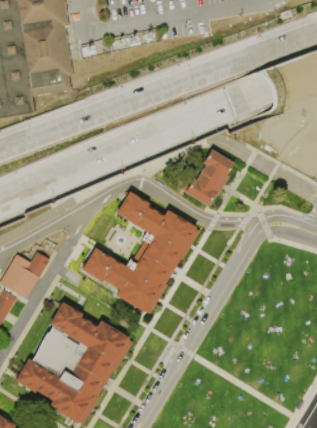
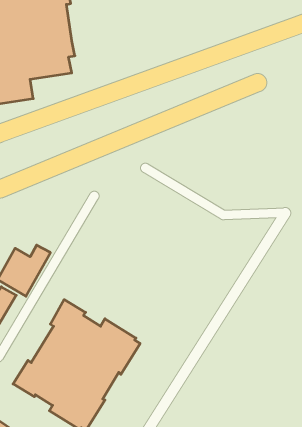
building: [186,150,235,206] -> none
building: [83,191,200,315] -> none

